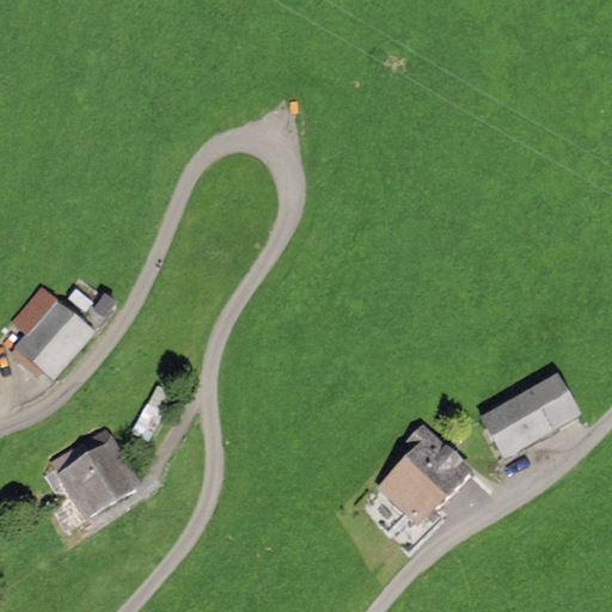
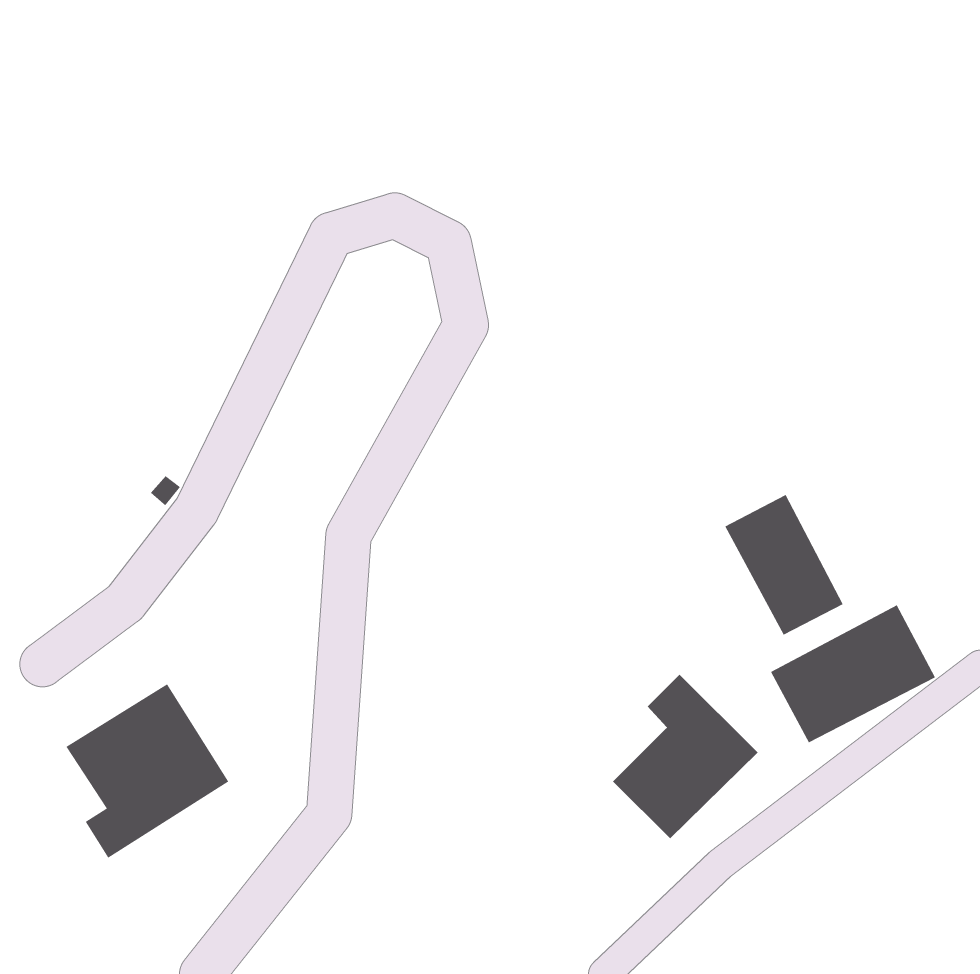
building: [7,283,94,379] -> none
building: none -> [725,494,844,635]

